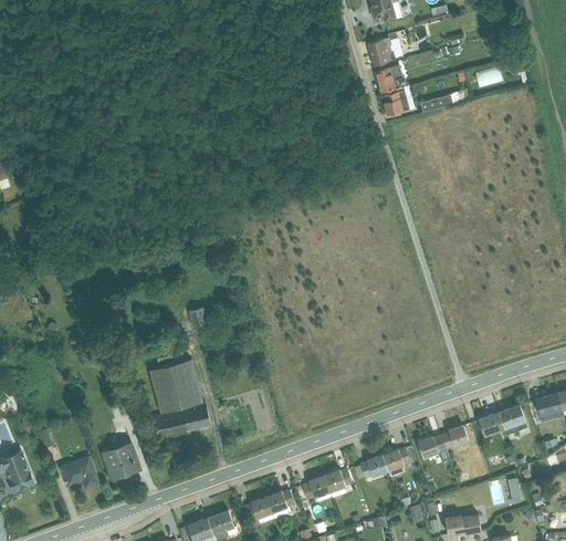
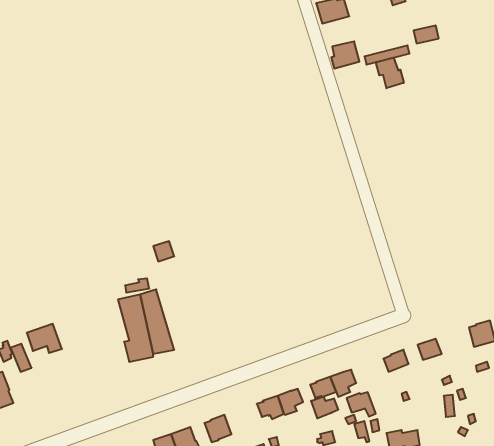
building: [374,64,401,92] -> none
building: none -> [376,58,404,88]
building: [497,405,526,434] -> none
building: [417,435,449,461] -> [347,392,376,416]
building: [102,441,139,478] -> none
building: [60,456,98,488] -> [27,324,62,353]
building: none -> [311,396,338,418]
building: [265,489,294,518] -> none

